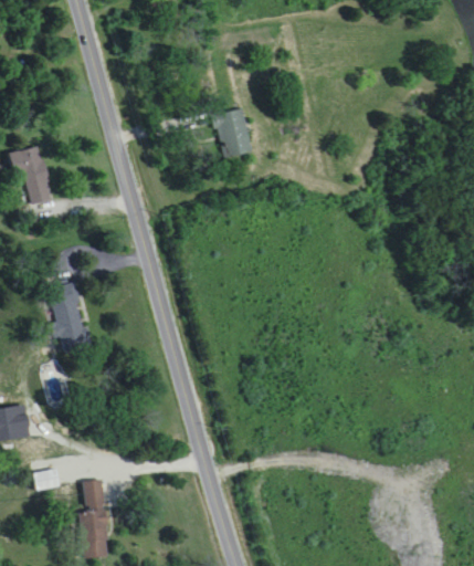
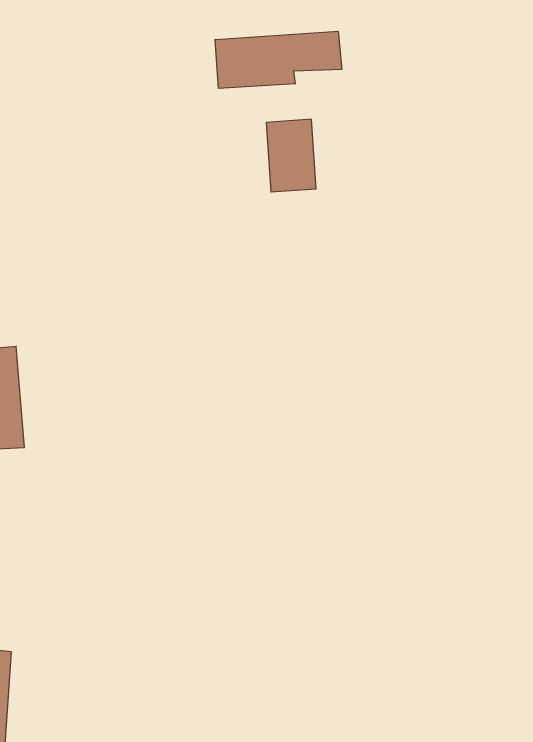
building: none -> [215,31,342,88]

